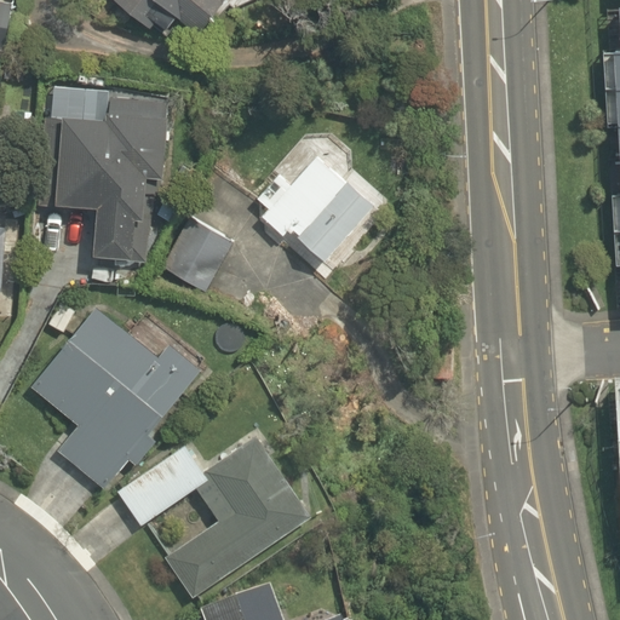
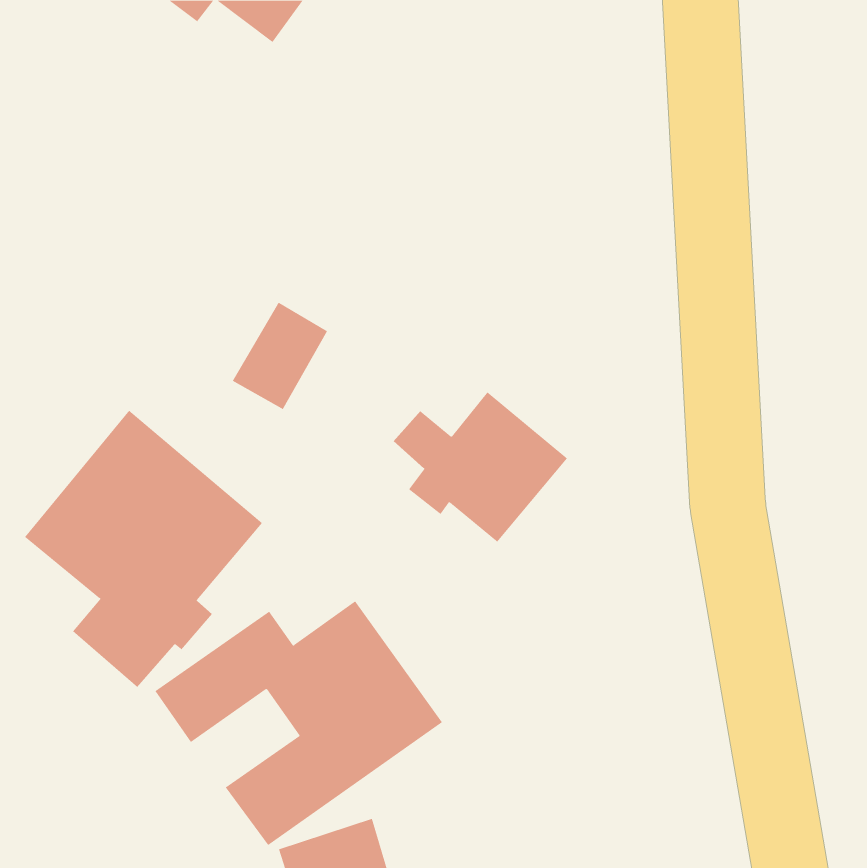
building: [39,81,171,259] -> none
building: [249,155,373,262] -> [393,391,568,542]

